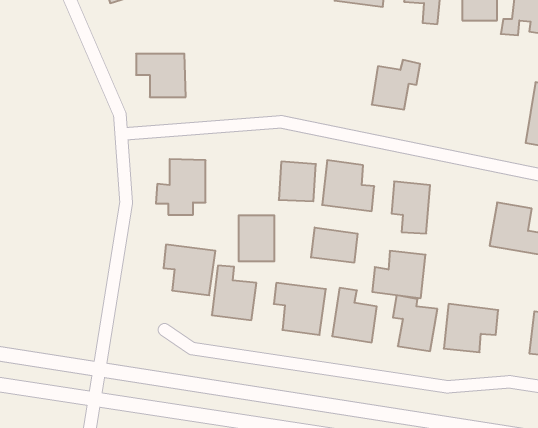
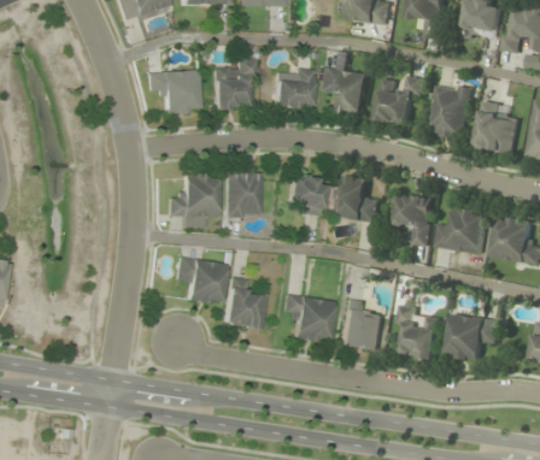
building: none -> [212,60,248,107]
building: none -> [318,65,370,116]
building: none -> [274,69,311,108]
building: none -> [428,82,474,140]
building: none -> [476,99,520,153]
building: [239,215,274,261] -> [224,171,259,216]
building: [311,227,358,263] -> none
building: [372,251,426,298] -> [436,207,488,253]

